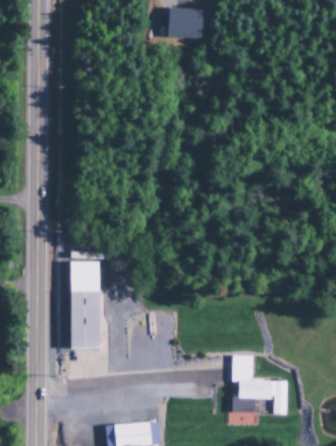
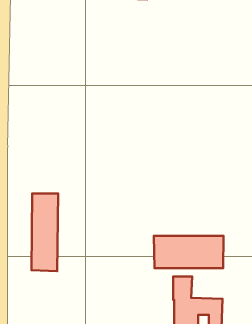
building: none -> [154,236,224,268]

